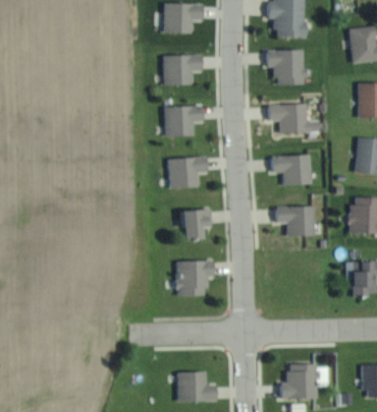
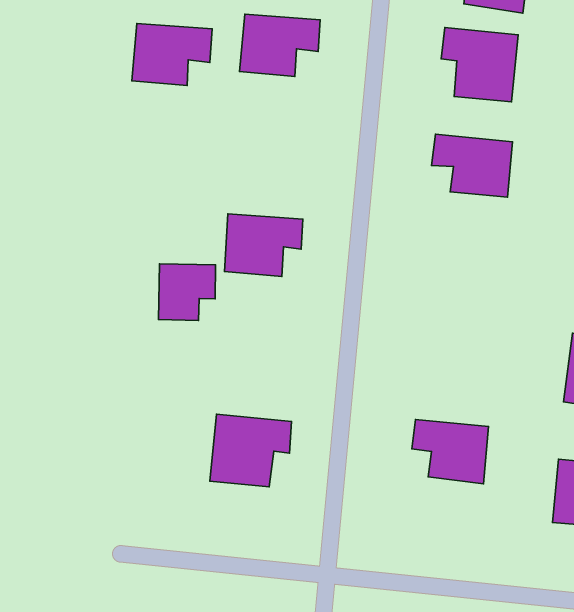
building: [164,105,204,136] -> [132,23,212,86]
building: [270,155,311,185] -> none
building: [276,207,315,236] -> [412,419,489,484]
building: [181,209,212,240] -> [159,264,215,321]

